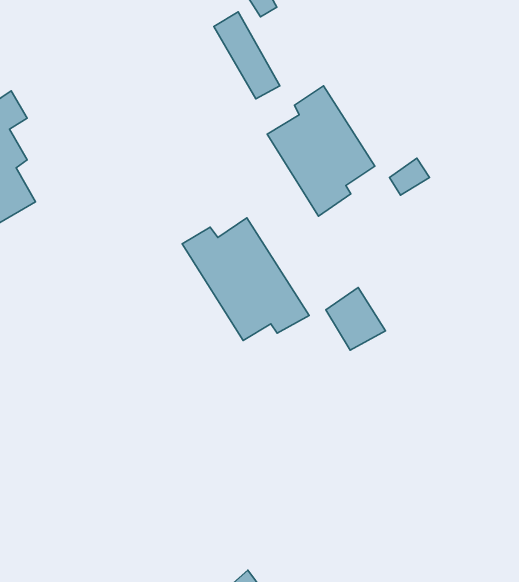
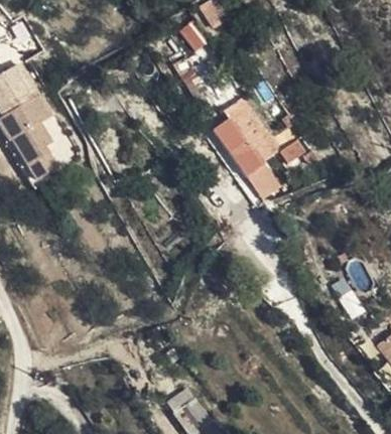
building: [182,218,309,341] -> none
building: [326,287,385,350] -> [235,161,272,200]

